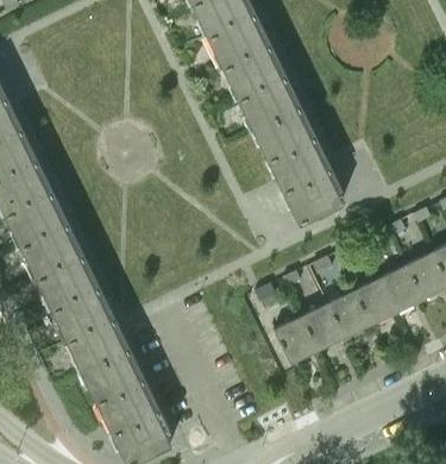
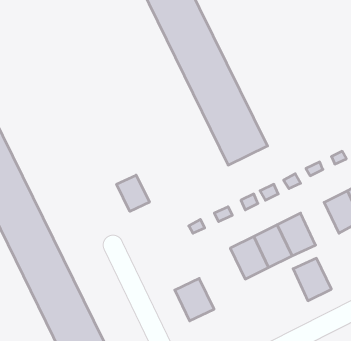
building: none -> [117,175,149,211]
building: [381,264,423,312] -> [293,258,331,301]
building: [275,315,319,363] -> [175,278,214,321]

